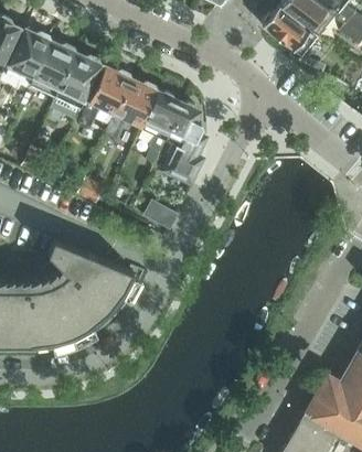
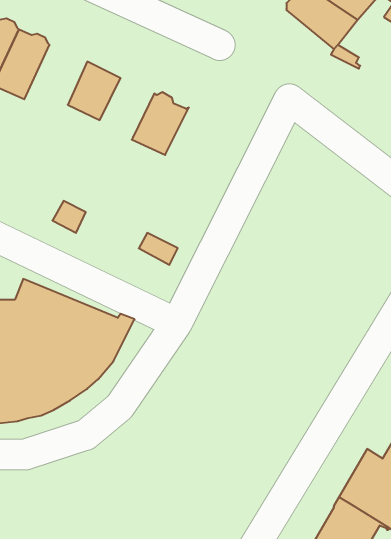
building: [55,53,100,108] -> none
building: [106,79,158,137] -> none
building: [162,101,206,183] -> none

